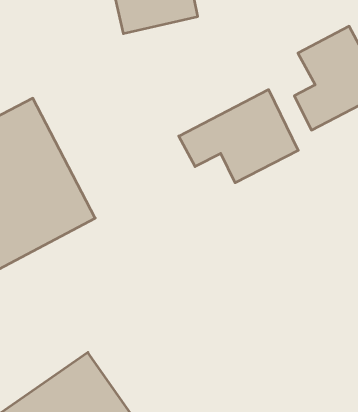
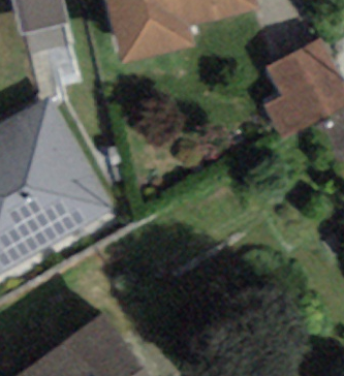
building: [179,90,298,183] -> none

